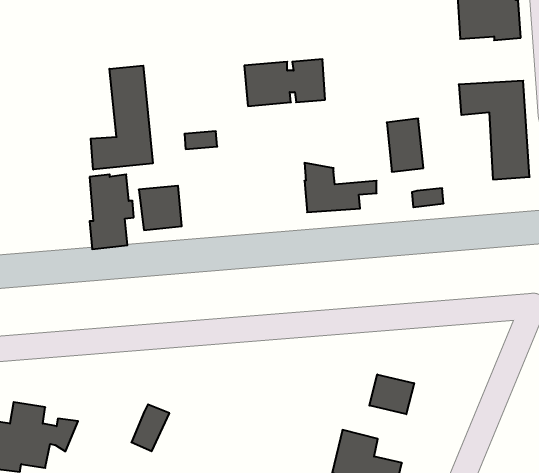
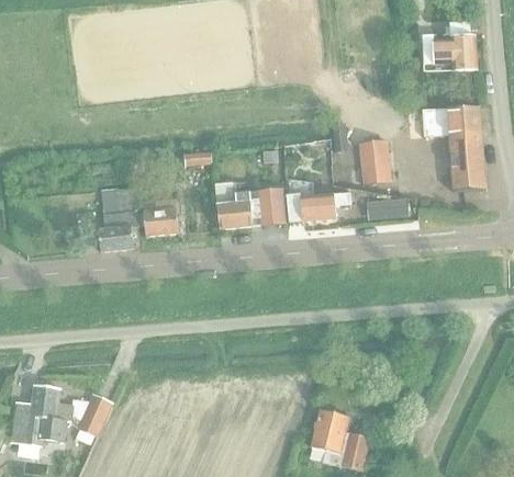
building: [244,59,325,106] -> [215,188,286,228]
building: [91,66,153,170] -> none
building: [369,374,414,414] -> none
building: [131,404,169,451] -> [80,395,113,435]

